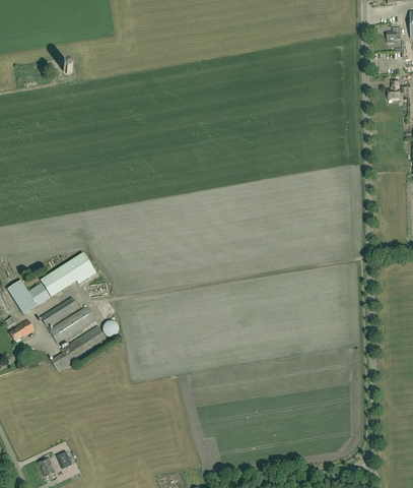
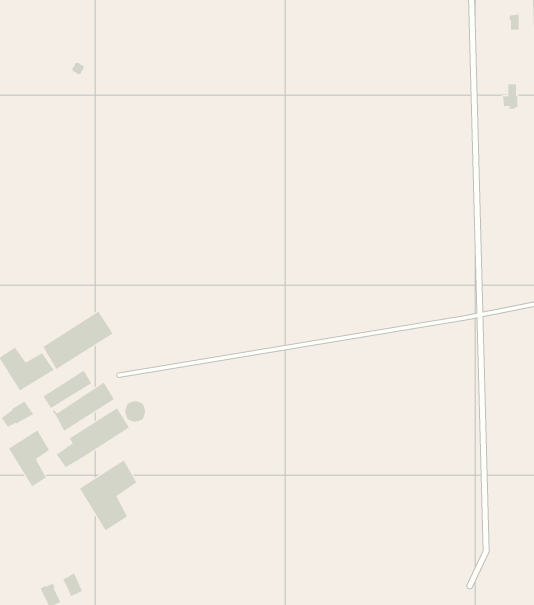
building: none -> [8,430,50,487]
building: none -> [79,459,137,531]

